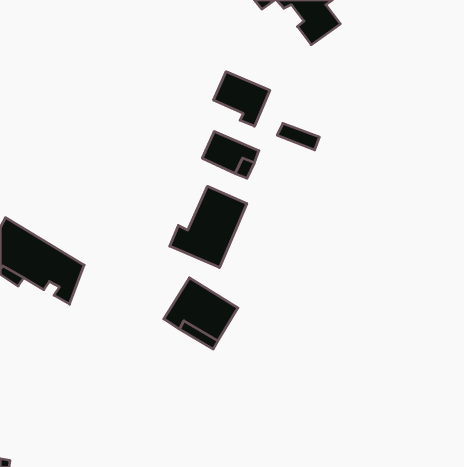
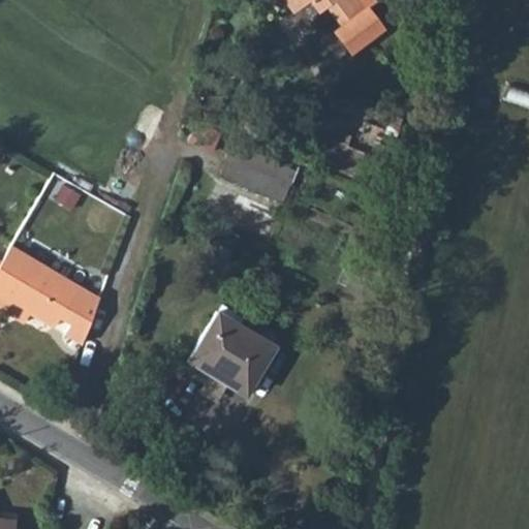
building: [214,72,270,126] -> none
building: [170,186,247,268] -> none

